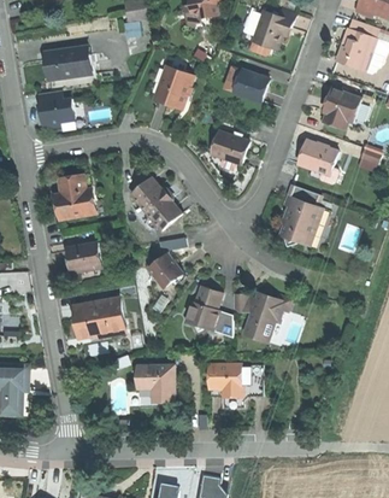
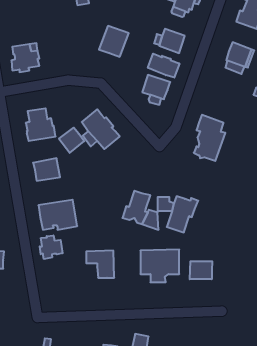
building: [43,47,93,80] -> none
building: none -> [148,54,179,78]
building: [296,140,337,175] -> none
building: [147,254,181,288] -> [59,128,84,153]
building: none -> [40,235,63,259]
building: none -> [190,261,212,279]

